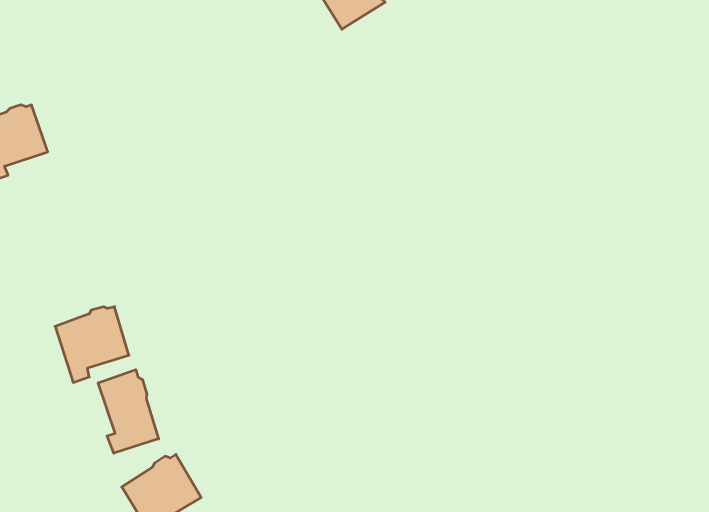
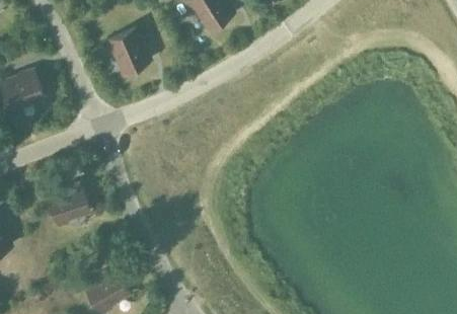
building: none -> [103,30,148,74]
building: [98,370,159,453] -> none

